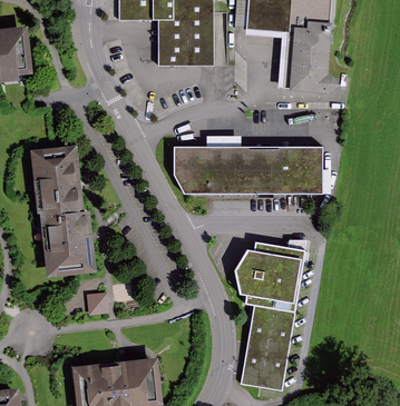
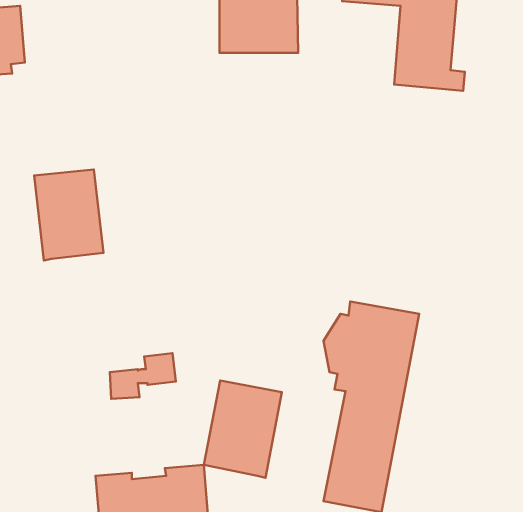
building: [170,147,320,195] -> none
building: [43,207,92,271] -> none
building: none -> [204,381,282,478]

